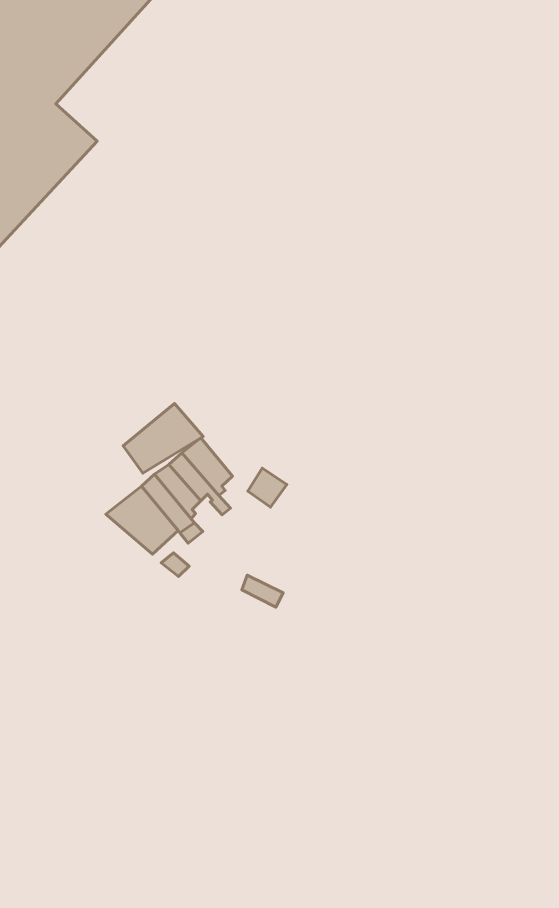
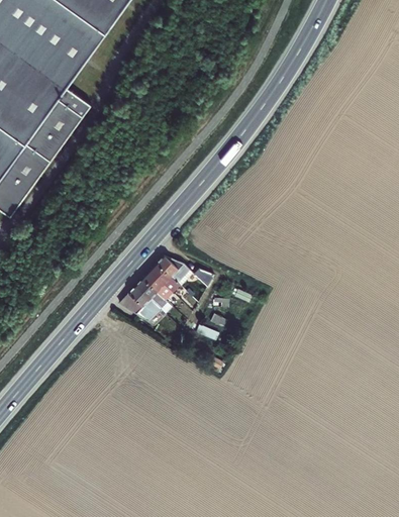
building: [123,404,203,473] -> none

